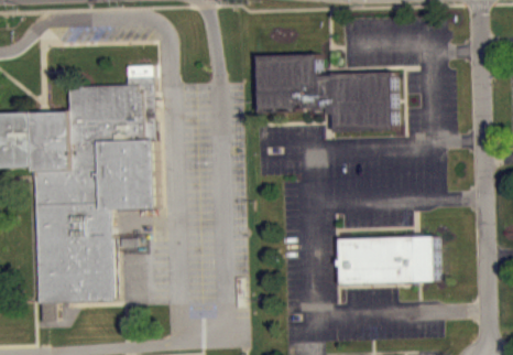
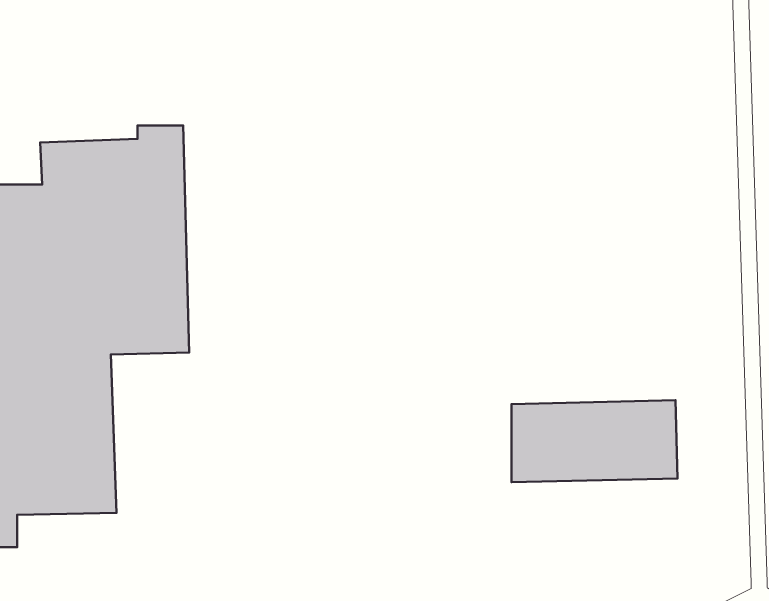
building: [258,53,394,131] -> none

